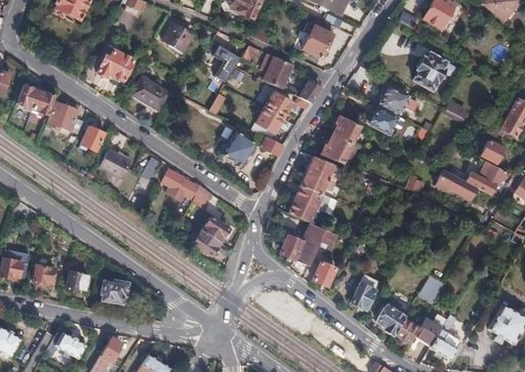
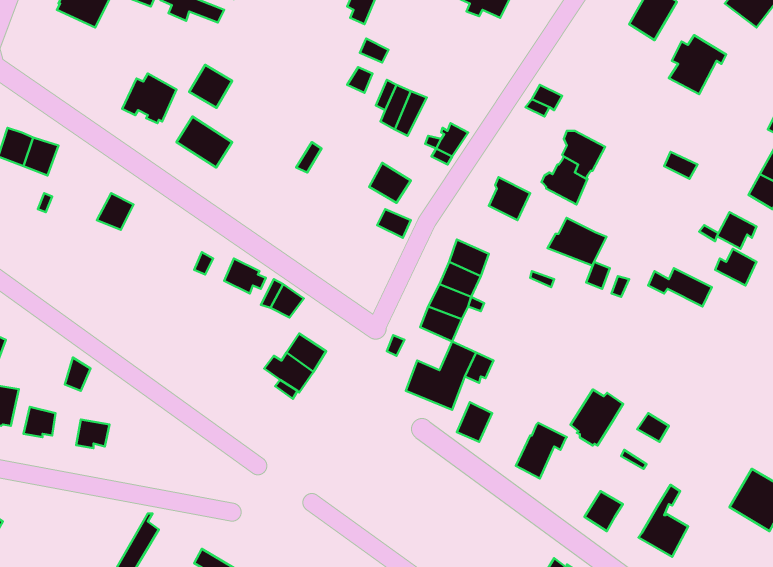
building: [302,18,334,58] -> none
building: [164,24,192,51] -> [189,65,232,108]
building: [213,46,241,83] -> none
building: [413,52,450,90] -> [669,35,726,94]
building: [265,92,292,119] -> none
building: [49,102,84,133] -> none
building: [221,132,255,167] -> none
building: [321,135,359,166] -> [547,218,606,266]
building: [99,150,131,180] -> none
building: [102,282,130,303] -> none
building: [377,299,411,335] -> [570,390,623,445]
building: [414,318,442,345] -> none
building: [56,333,86,358] -> none

